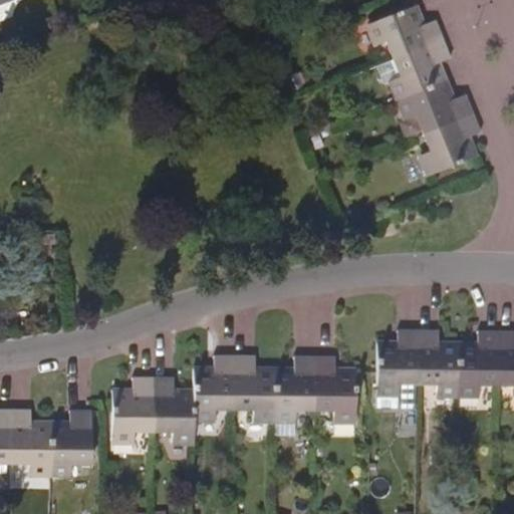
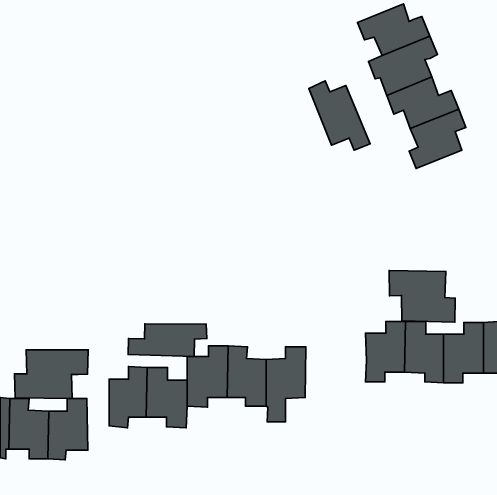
building: none -> [309,81,370,150]
building: none -> [389,271,455,322]
building: none -> [128,324,207,357]
building: [315,357,356,421] -> none
building: none -> [14,350,88,399]

